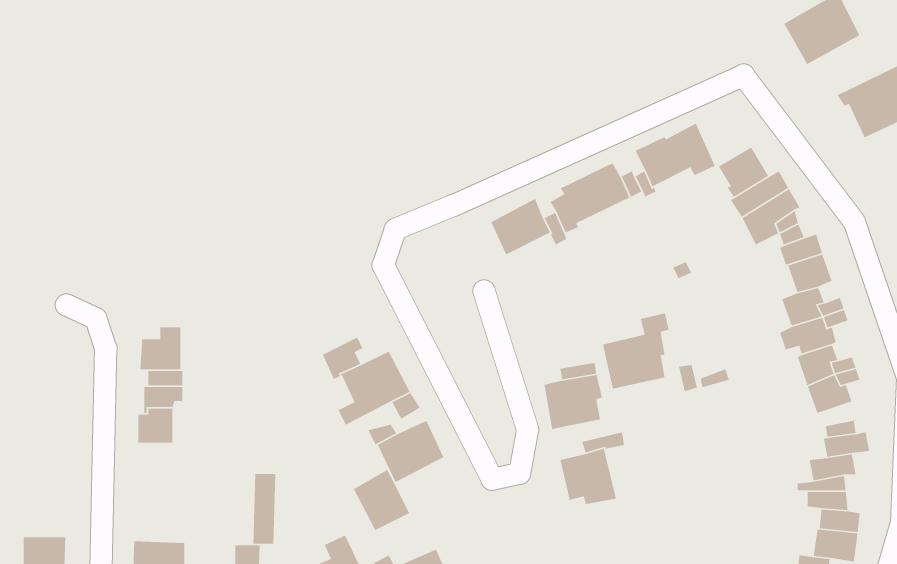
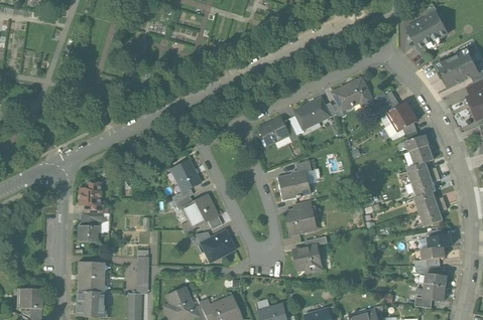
building: none -> [170,159,201,191]
building: [602,312,670,390] -> [277,161,312,200]
building: [353,469,410,531] -> none
building: none -> [77,262,104,292]

